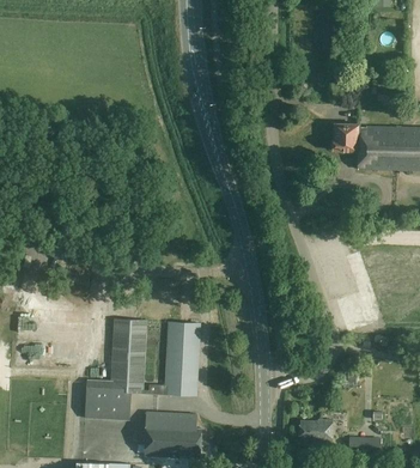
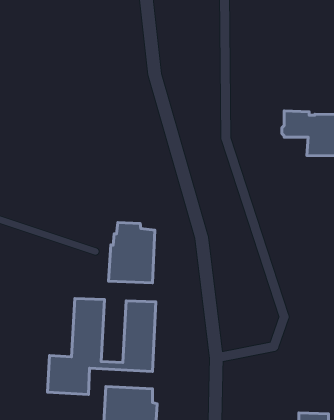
building: none -> [109,222,155,283]
building: [299,418,331,439] -> none

